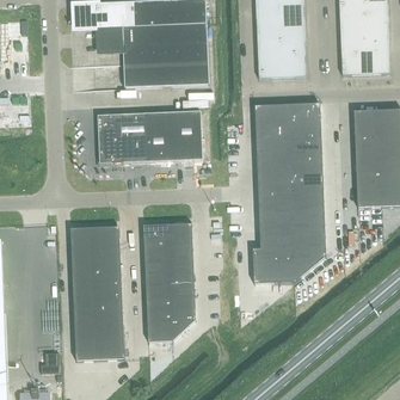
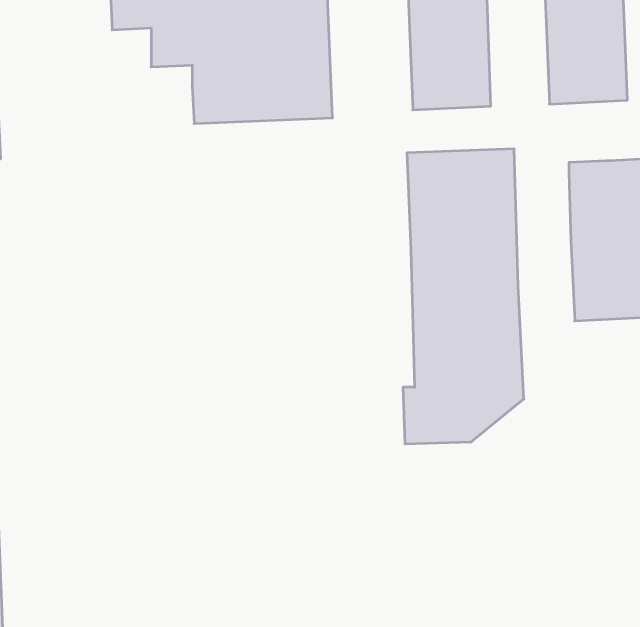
building: [97,110,202,162] -> none
building: [142,222,196,340] -> none
building: [69,226,123,358] -> none

